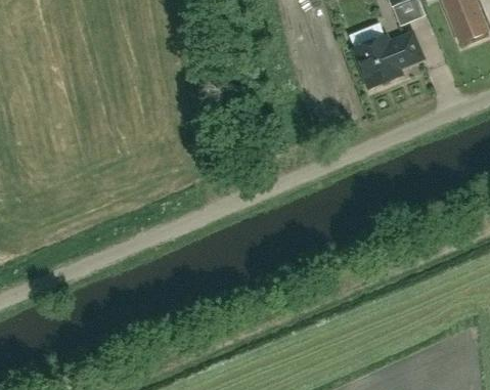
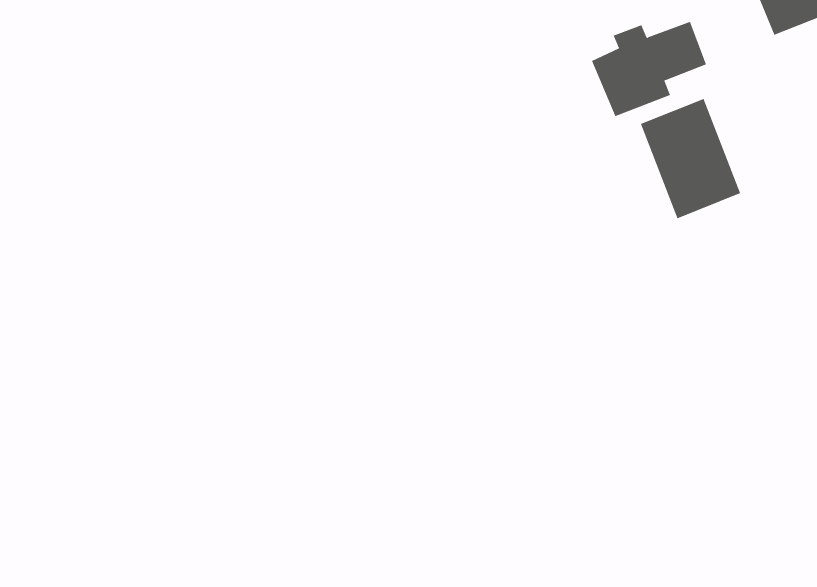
building: none -> [640,98,741,219]

